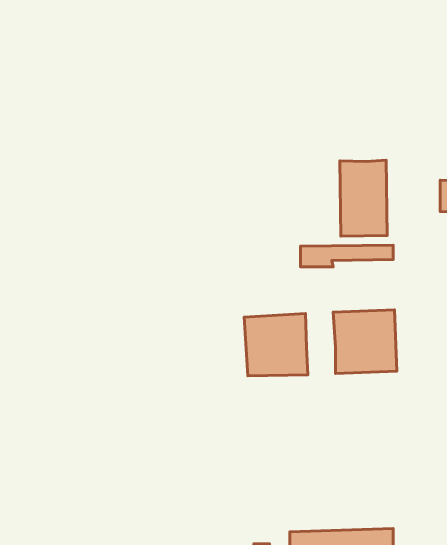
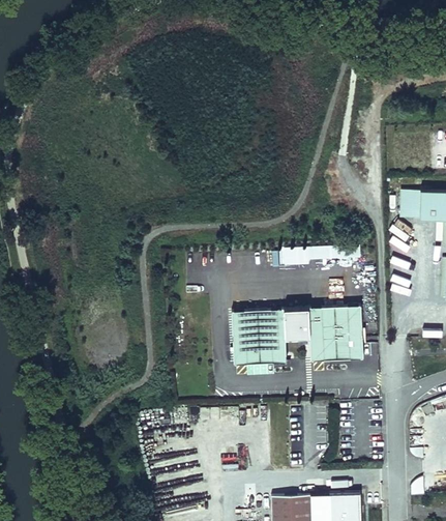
building: [340,160,387,236] -> none
building: none -> [285,308,310,338]

